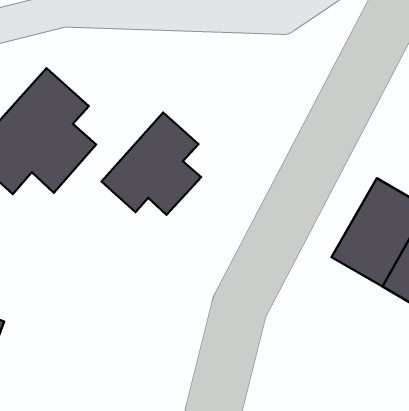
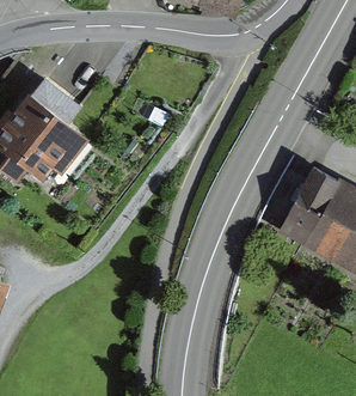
building: [101,113,201,215] -> none

